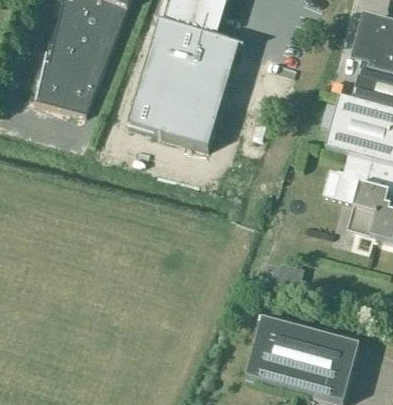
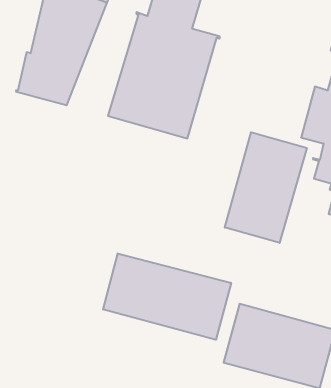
building: none -> [225,132,307,243]
building: none -> [103,253,231,340]

